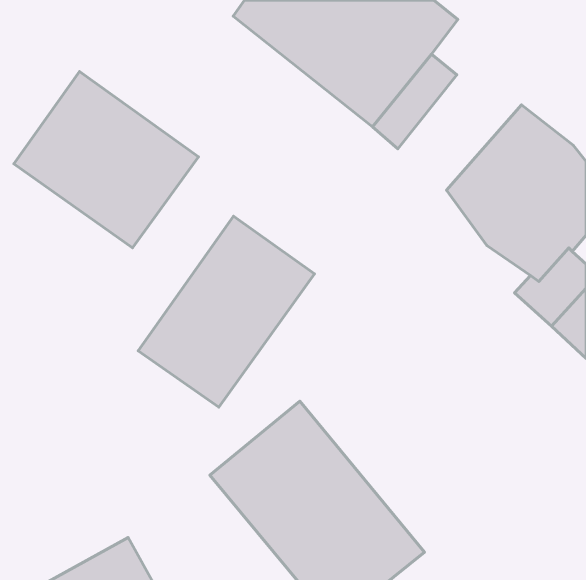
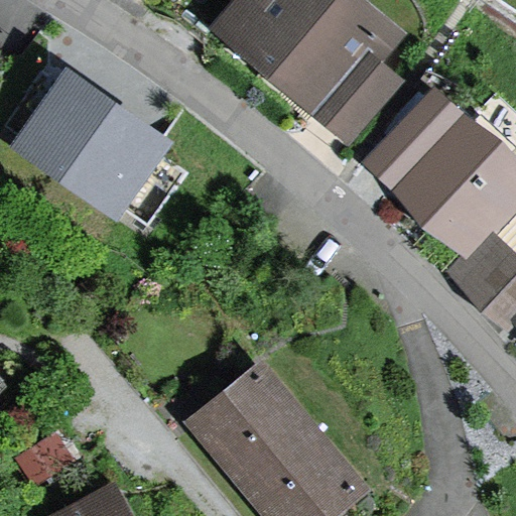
building: [138,216,314,407] -> none

